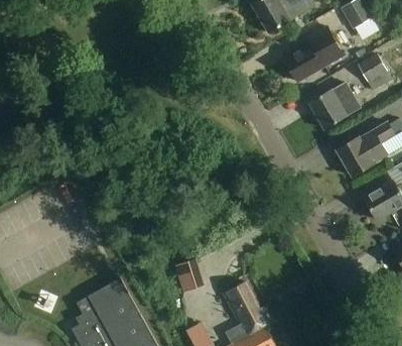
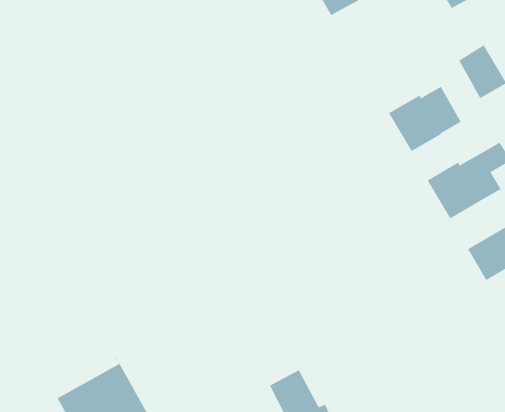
building: [284,26,343,81] -> none
building: [172,257,204,289] -> none

